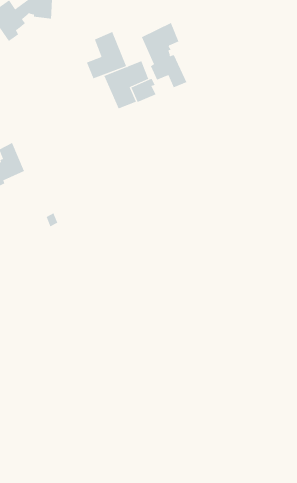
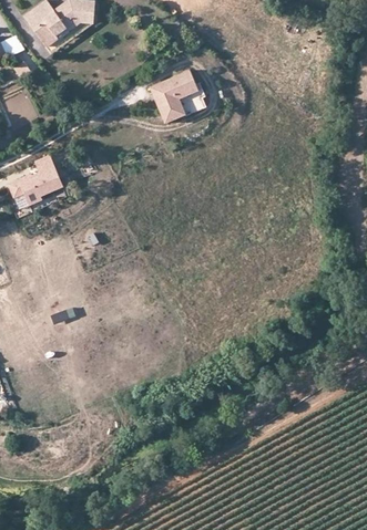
building: [141,22,187,88] -> none
building: [86,31,127,79] -> none

